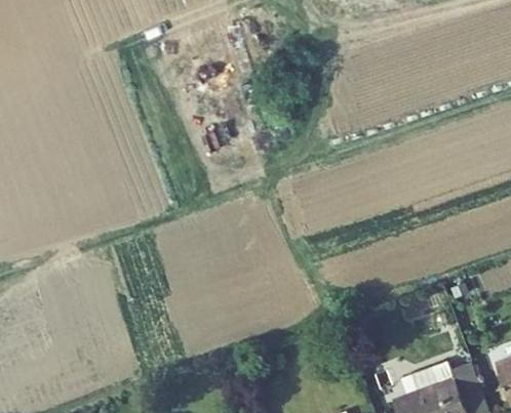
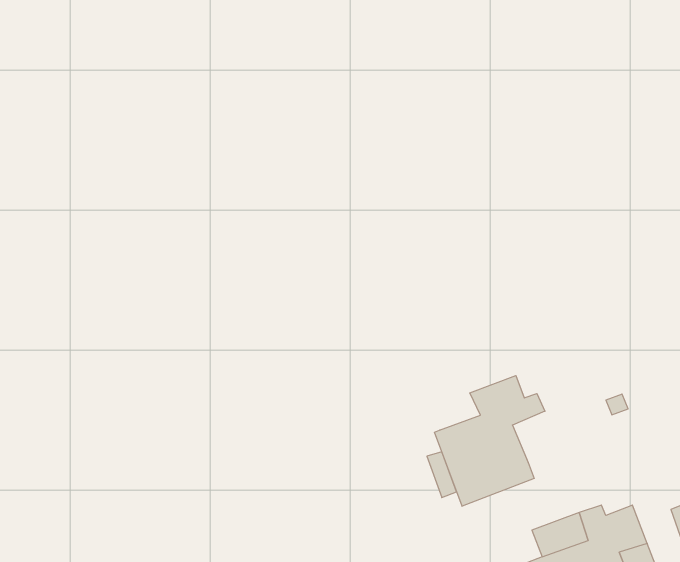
building: none -> [434,376,545,506]

